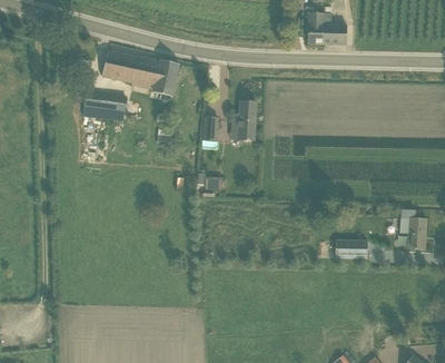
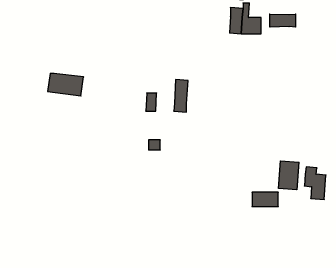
building: none -> [270,14,296,27]
building: [102,51,179,96] -> none
building: none -> [279,161,299,190]

